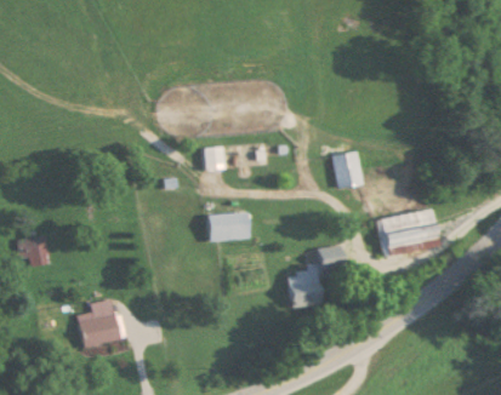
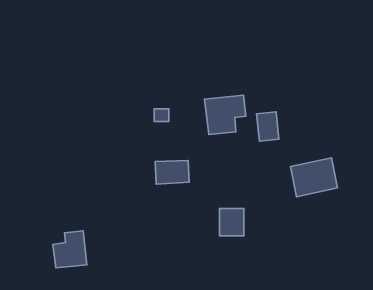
building: none -> [204,95,246,134]
building: [23,236,52,264] -> none

